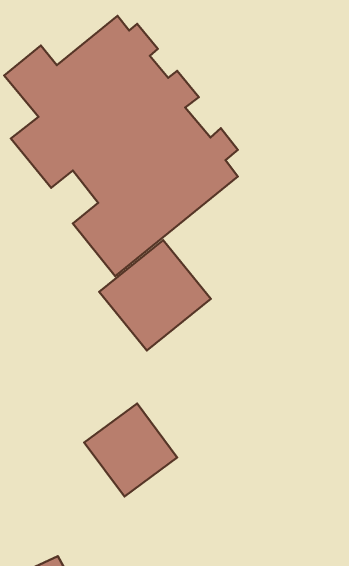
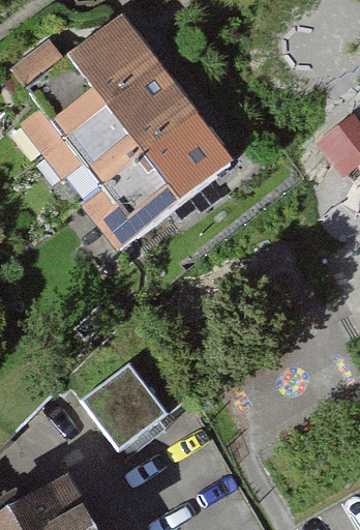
building: [99,240,211,350] -> none

